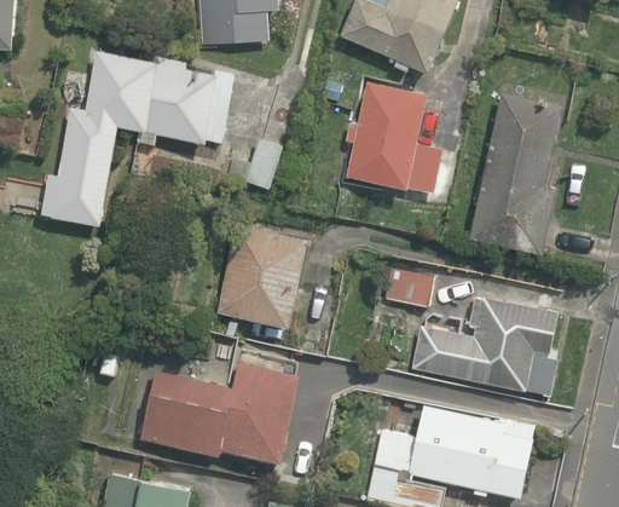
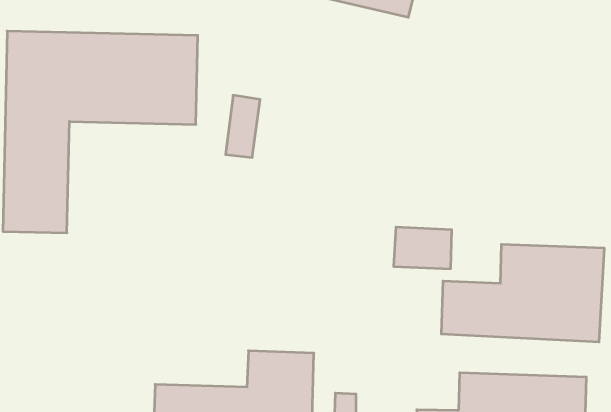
building: [342,81,445,197] -> none
building: [467,94,557,249] -> none
building: [209,220,305,327] -> none

